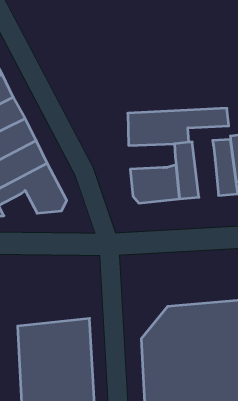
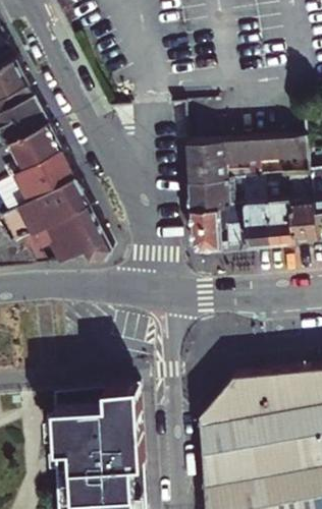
building: none -> [262,176,293,244]
building: none -> [185,180,242,211]

